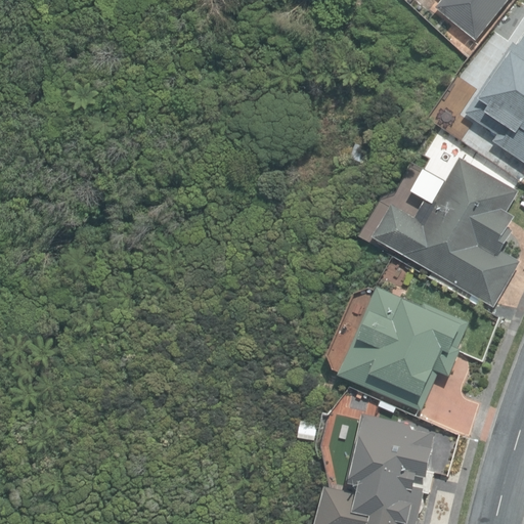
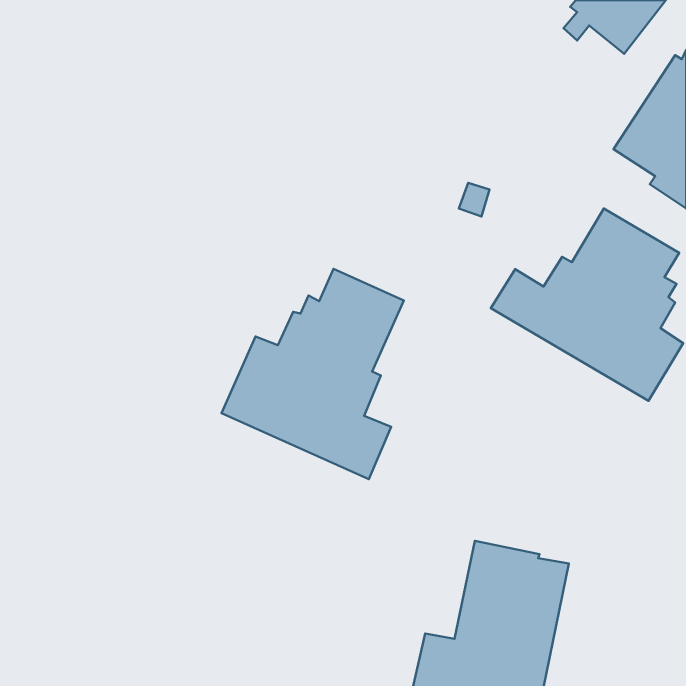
building: none -> [222,269,404,479]
building: [335,282,468,409] -> none

